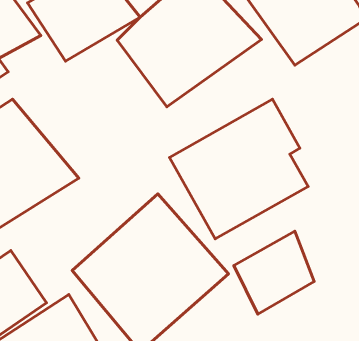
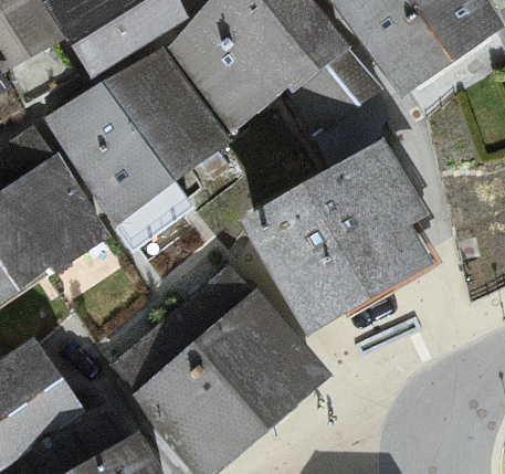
building: none -> [48,57,236,227]
building: [234,231,314,314] -> none

